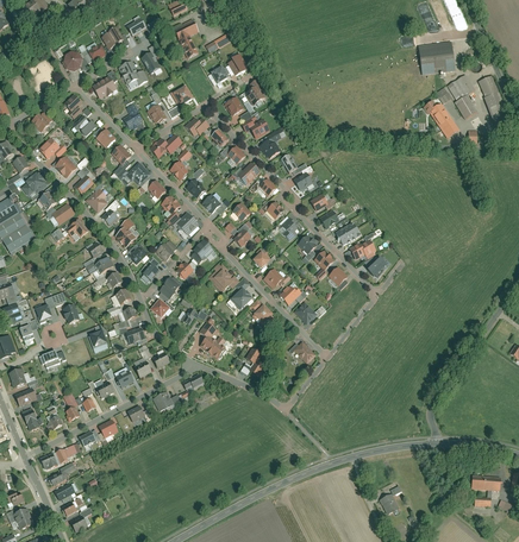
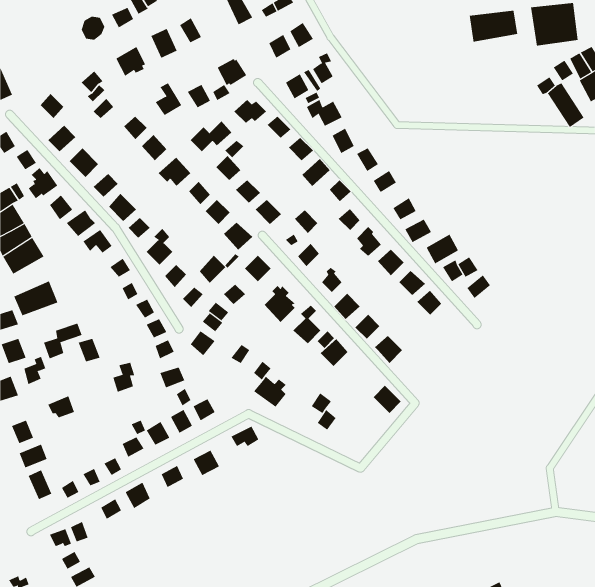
building: none -> [469,10,518,42]
building: none -> [14,280,58,316]

